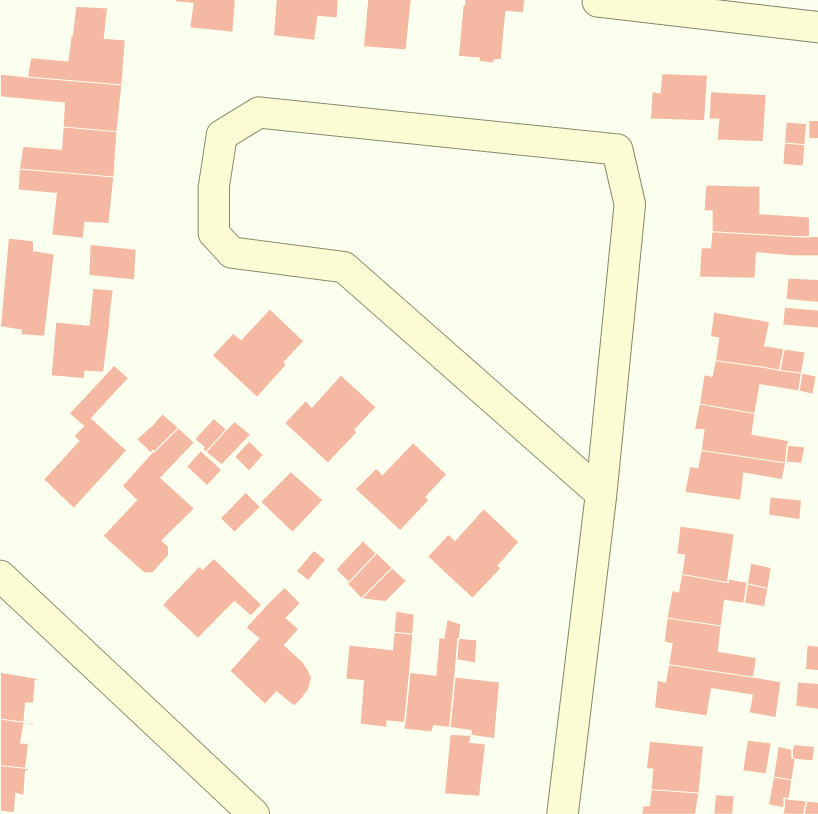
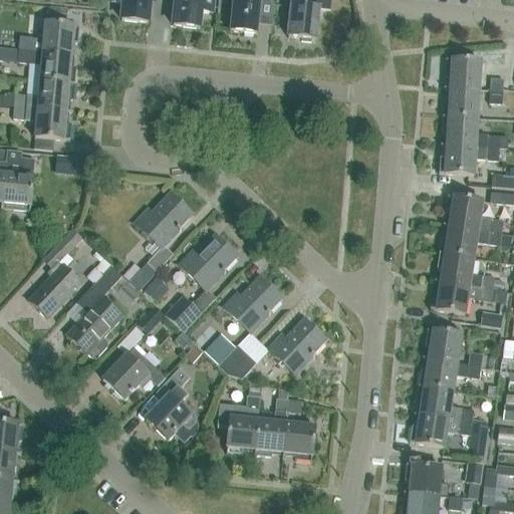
building: [650,74,708,120] -> [443,87,479,116]
building: [51,288,113,379] -> none
building: [444,734,485,796] -> none

